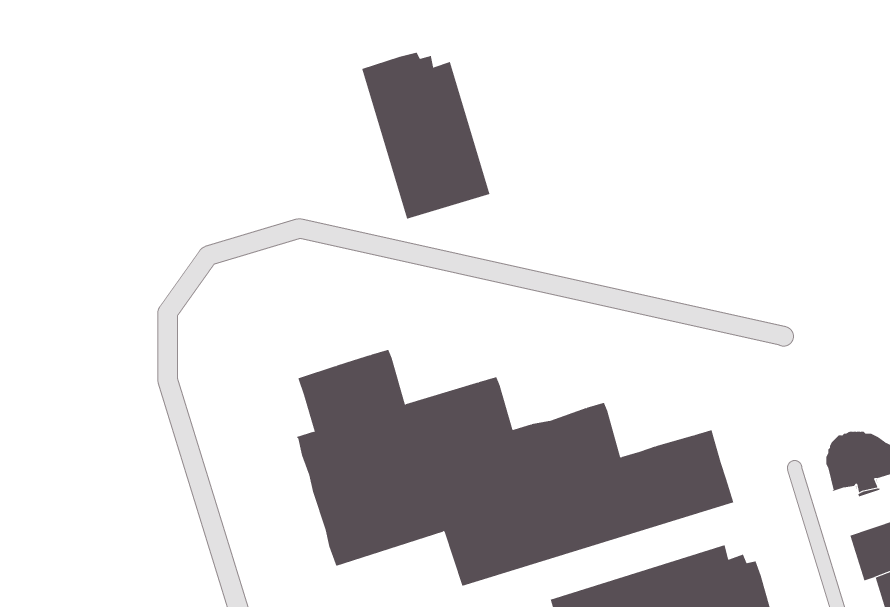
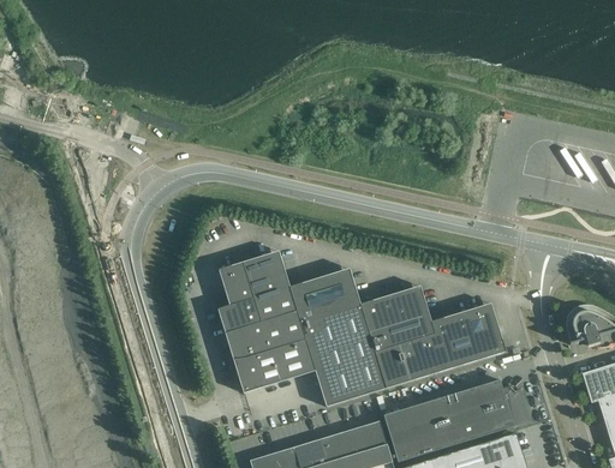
building: [361,52,490,220] -> none

